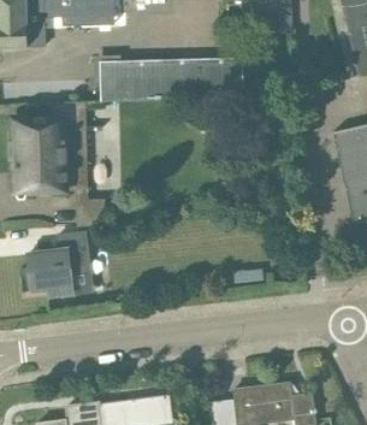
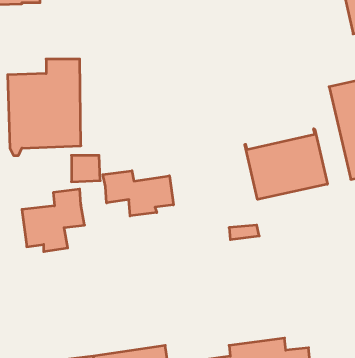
building: [100,58,244,102] -> none
building: none -> [245,129,327,199]
building: none -> [103,171,173,216]

